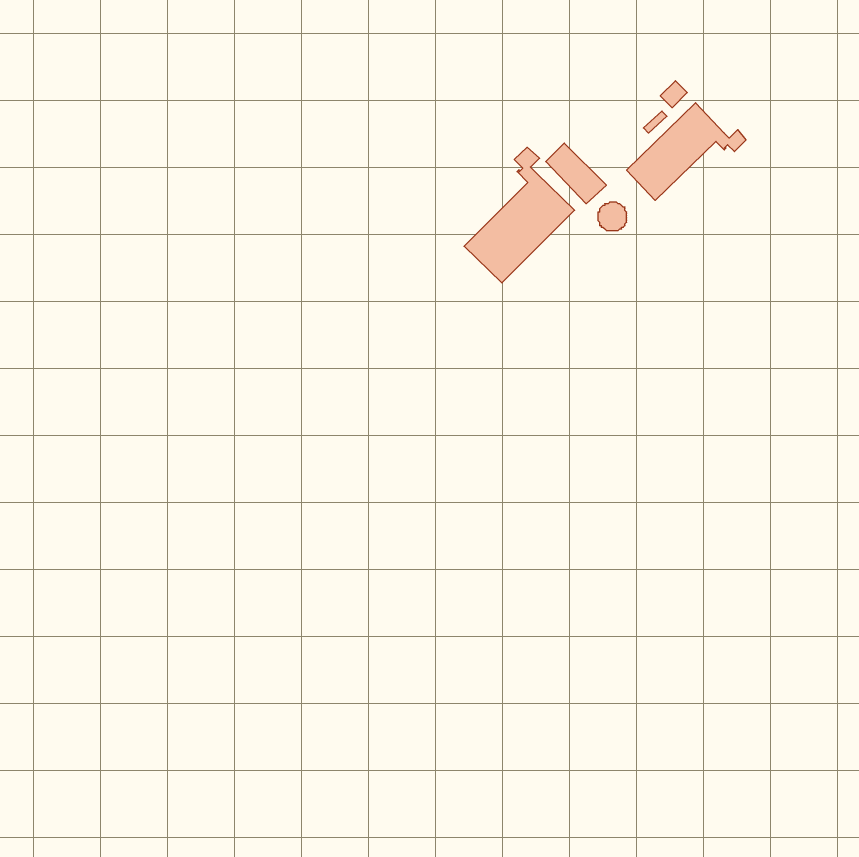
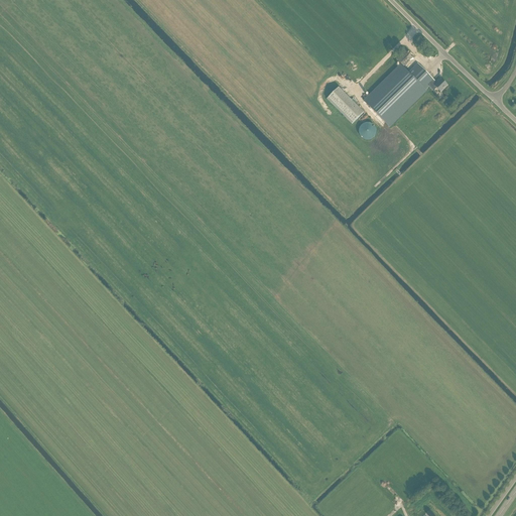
building: [464,147,575,283] -> none

